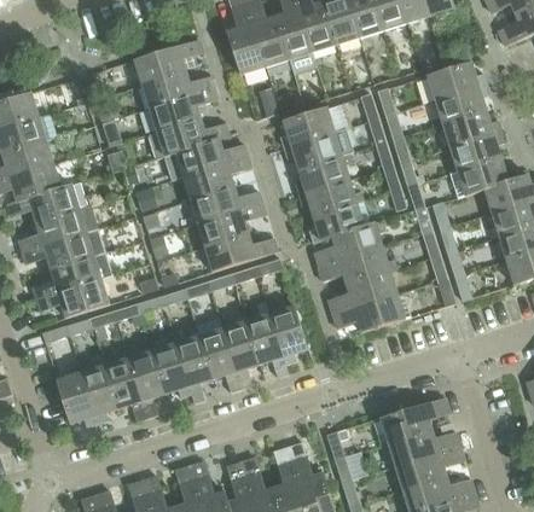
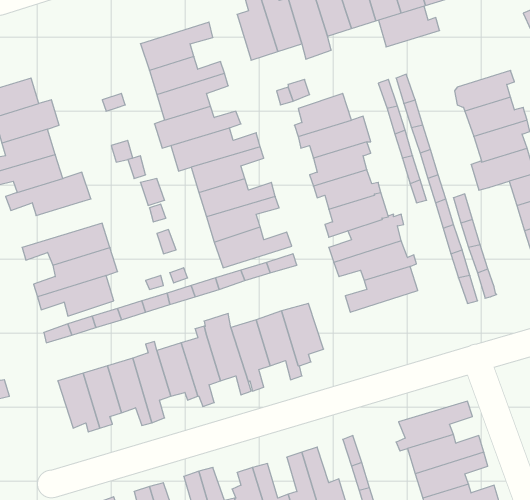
building: [428,62,486,100] -> [378,6,440,47]
building: [18,205,98,252] -> none
building: [333,293,411,332] -> none

